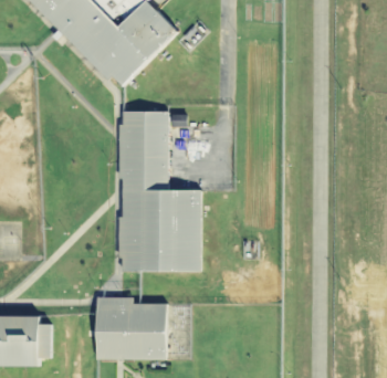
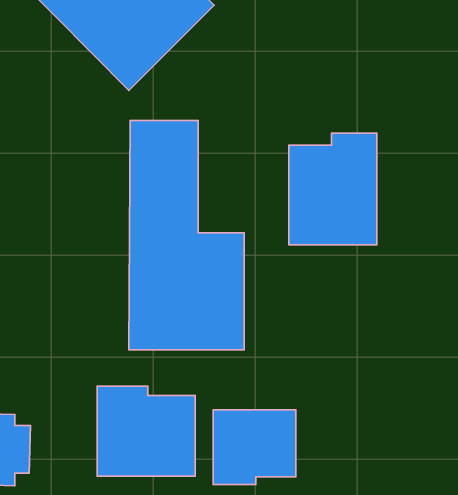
building: none -> [289,133,377,245]
building: none -> [213,410,296,485]

